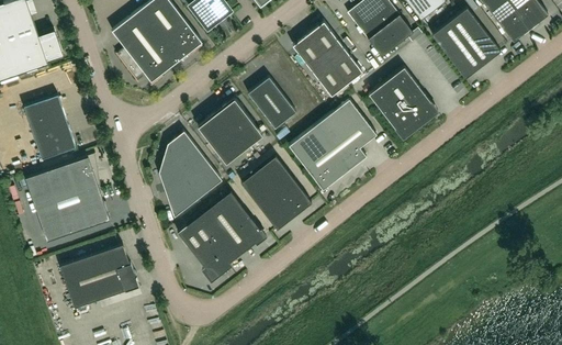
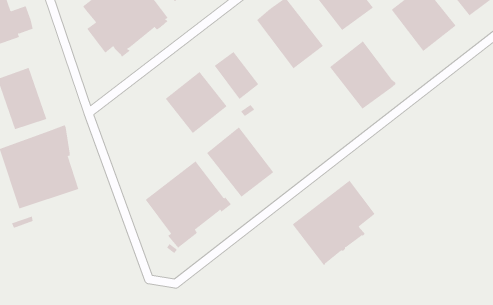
building: [289,100,375,189] -> [292,180,375,266]
building: [158,132,222,218] -> none
building: [60,245,138,308] -> none

